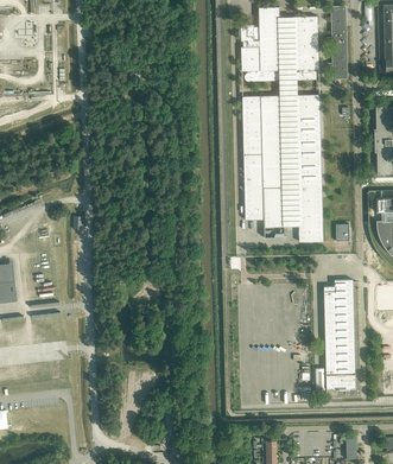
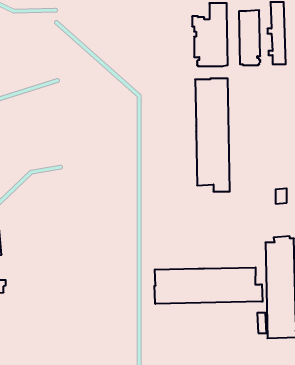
building: [296,94,323,242] -> none
building: none -> [155,267,263,304]

